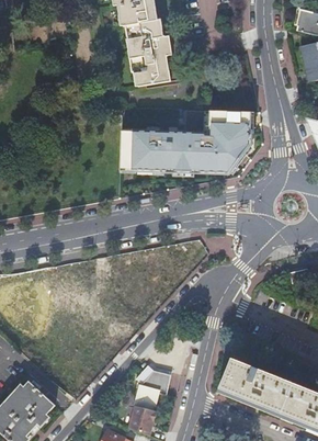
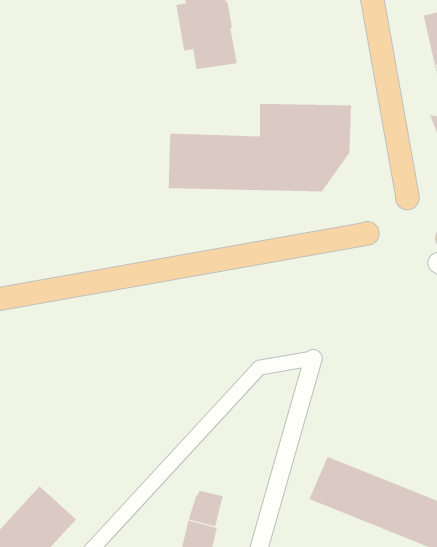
building: [136,363,170,394] -> none

